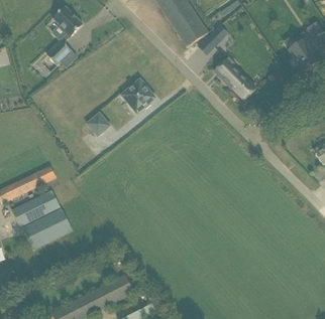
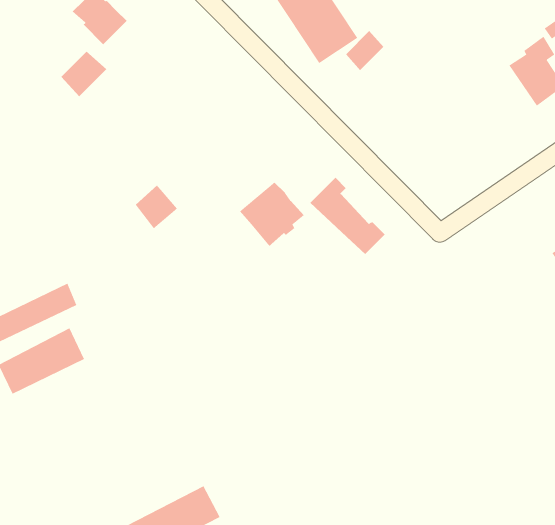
building: [213,58,254,101] -> [309,177,386,255]
building: [120,77,155,113] -> [239,182,304,247]
building: [24,207,72,248] -> none

